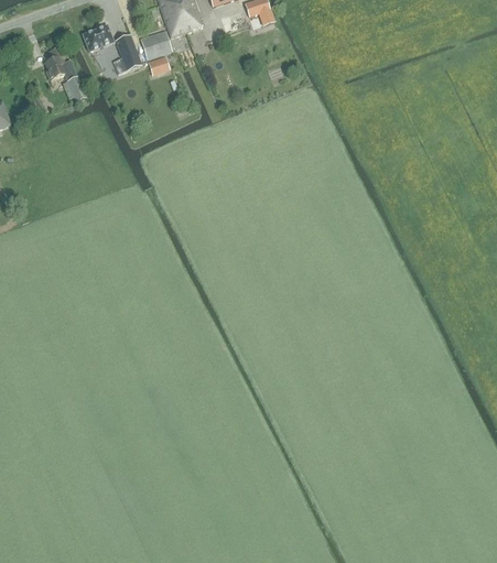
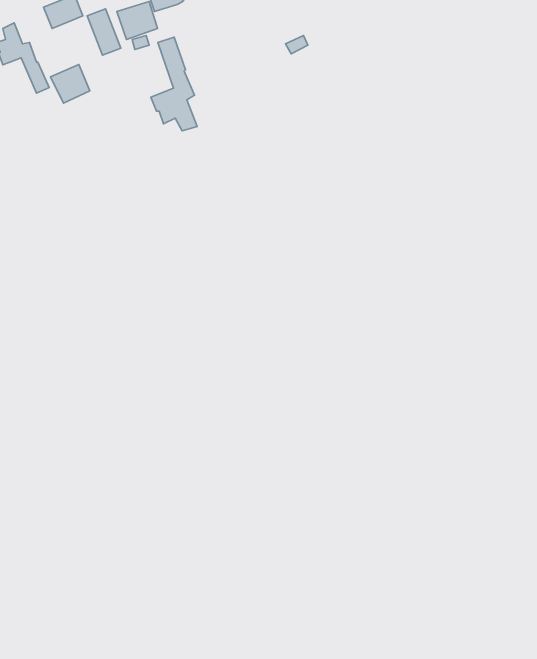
building: none -> [151,37,197,131]
building: none -> [51,64,90,103]

